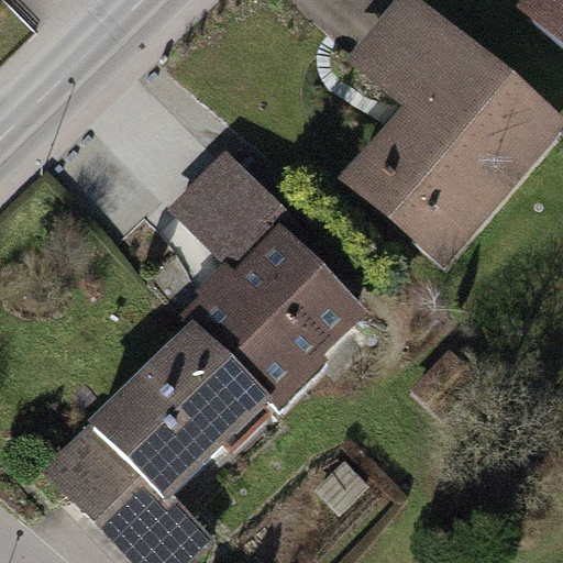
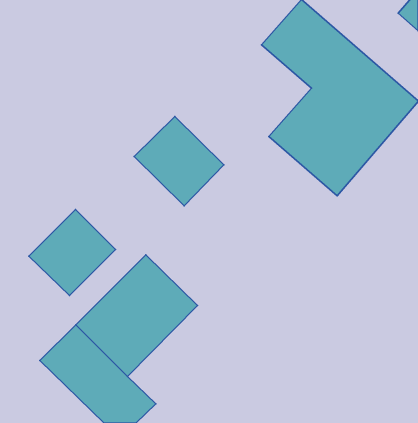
building: [192,249,347,404] -> none
building: none -> [29,209,115,296]

